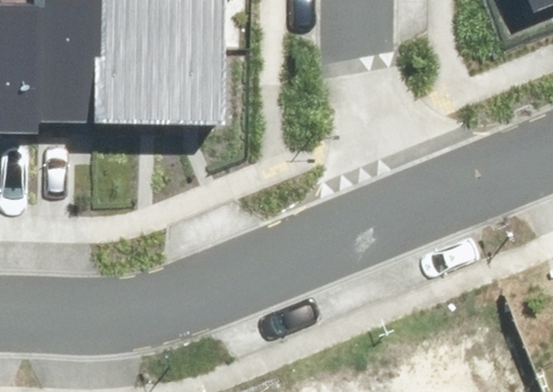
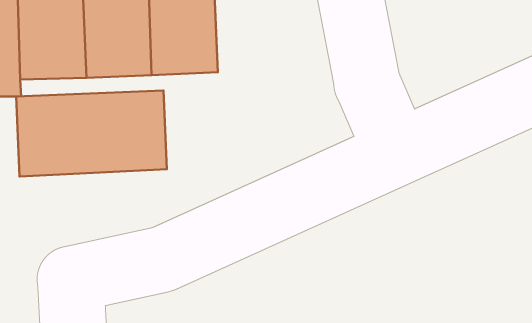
building: none -> [16,90,167,177]

